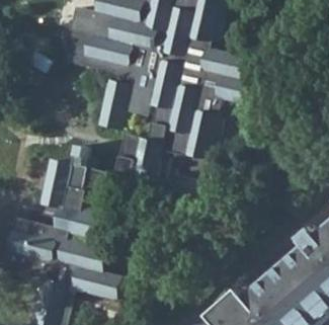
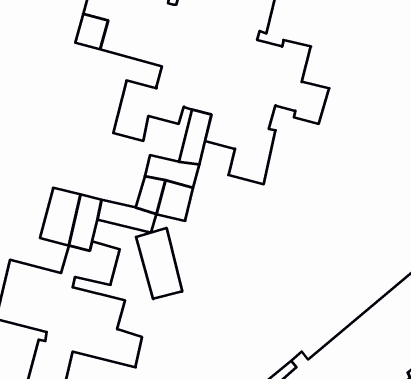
building: none -> [136,228,182,299]

